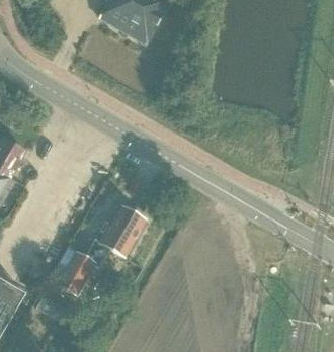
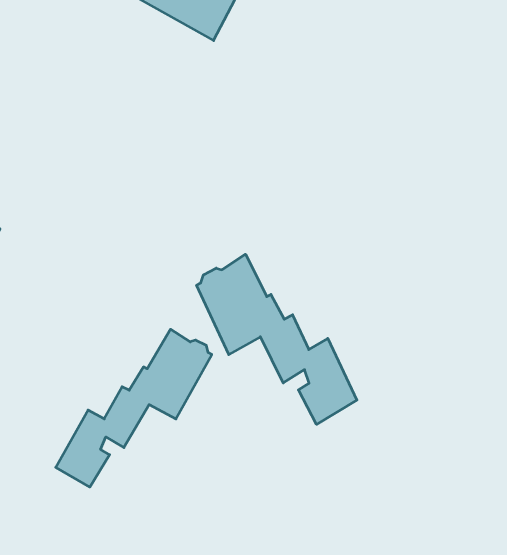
building: none -> [197,254,357,424]

